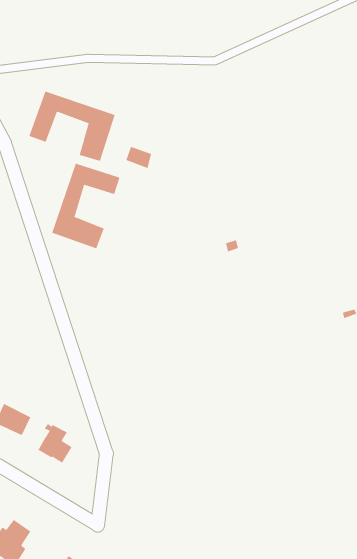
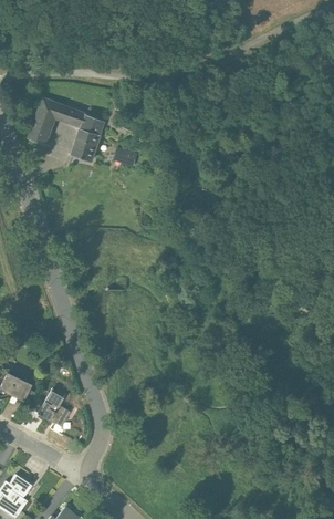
building: [52,163,120,249] -> none

